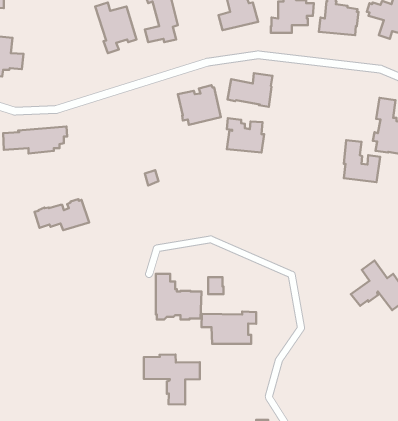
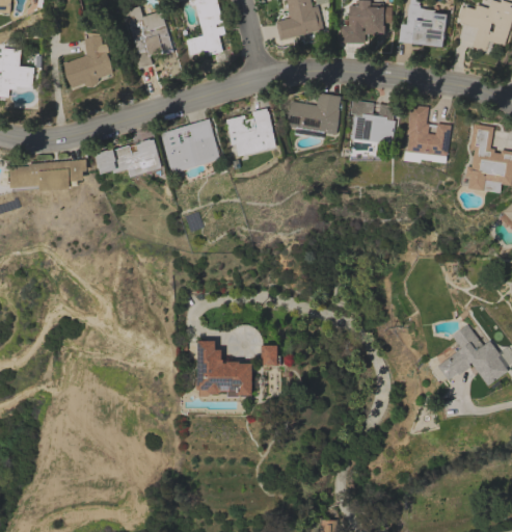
building: none -> [63,36,113,88]
building: none -> [160,119,221,175]
building: [227,118,264,153] -> [350,101,396,143]
building: [344,140,380,182] -> [406,105,451,157]
building: [34,199,89,230] -> [96,139,163,178]
building: [202,312,256,344] -> none
building: [144,355,200,405] -> none

